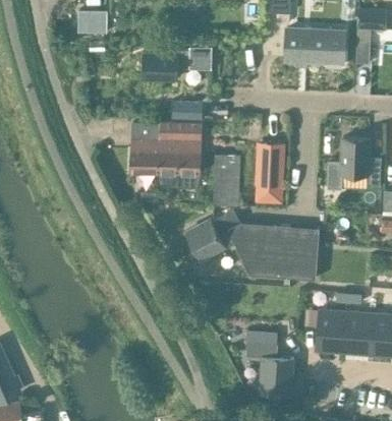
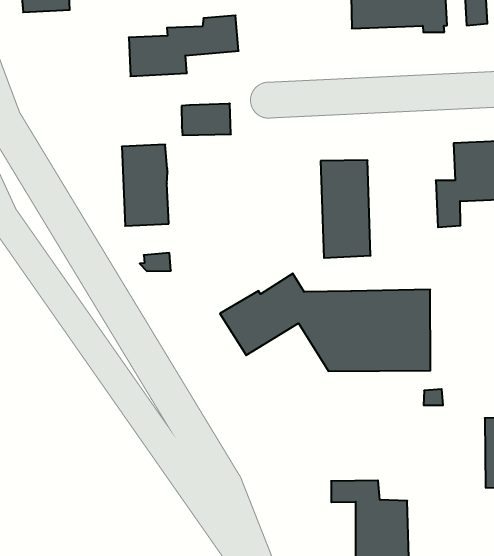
building: [158,122,201,174] -> none
building: [213,155,240,207] -> none
building: [315,309,346,355] -> none

